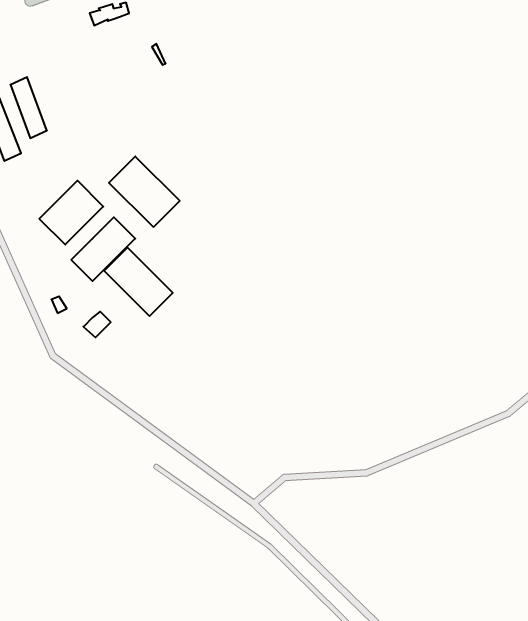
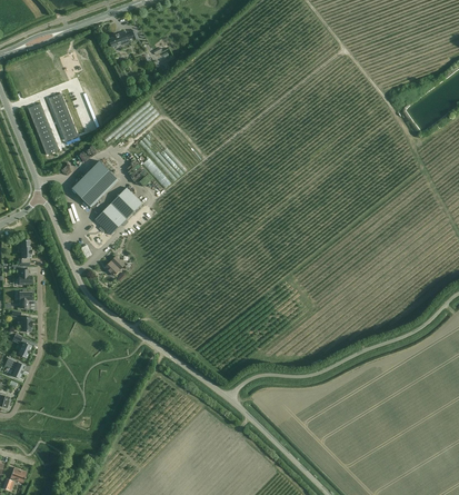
building: [109,156,180,227] -> none
building: [104,247,173,316] -> none

